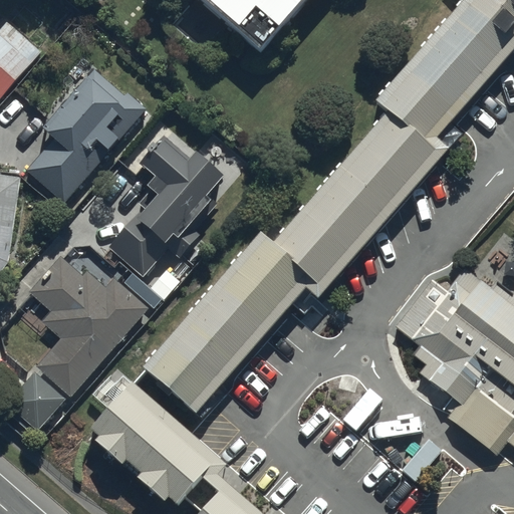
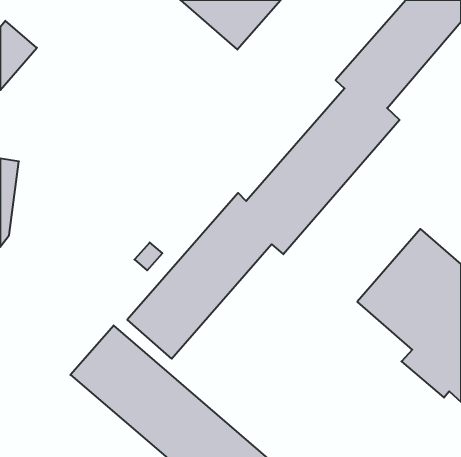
building: [26,74,149,210] -> none
building: [106,143,227,282] -> none
building: [9,261,150,436] -> none

